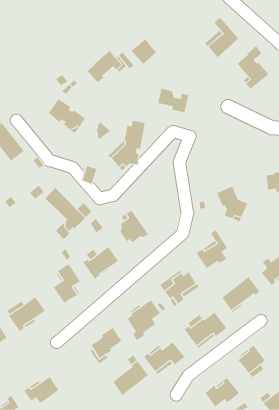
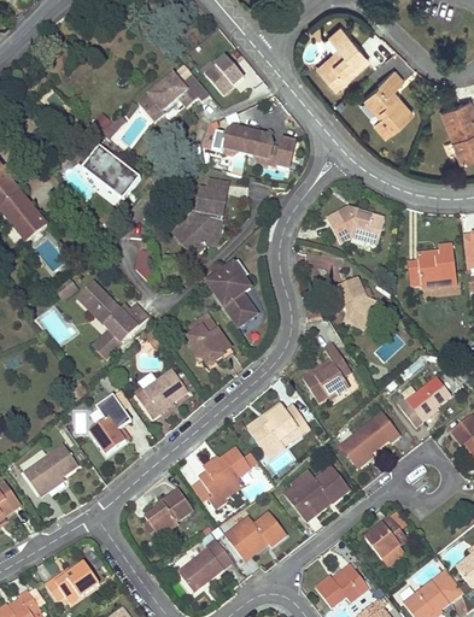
building: none -> [211,128,250,154]
building: none -> [326,208,382,245]
building: none -> [209,260,256,324]

